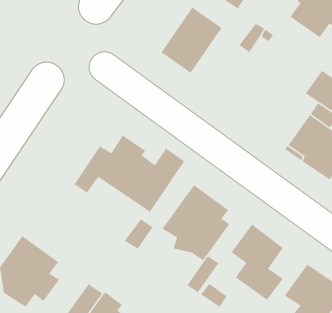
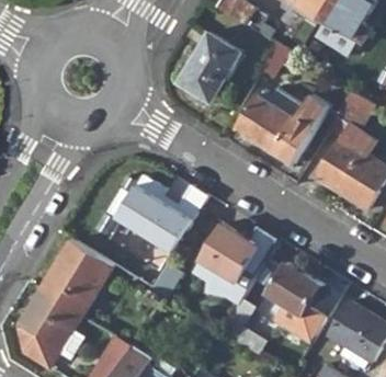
building: none -> [236,87,329,163]
building: none -> [41,239,114,315]

